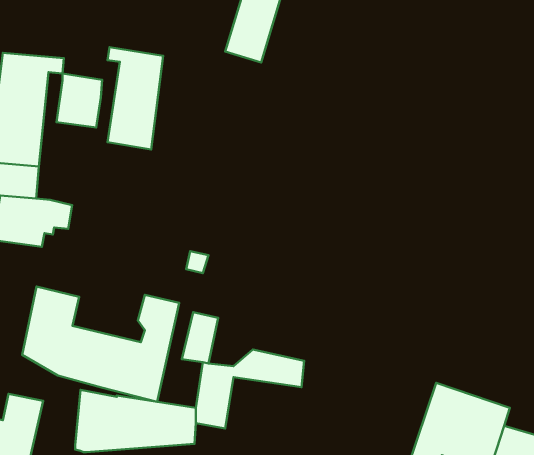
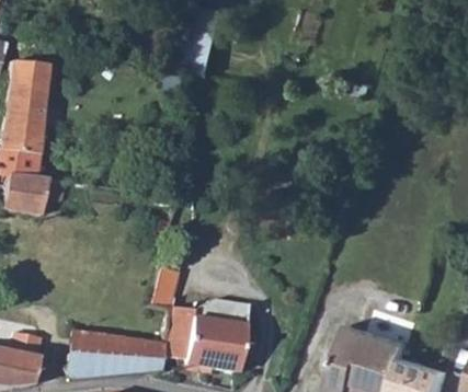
building: [107,47,163,150] -> none
building: [56,74,102,127] -> none
building: [22,287,179,402] -> none
building: none -> [184,318,246,371]

